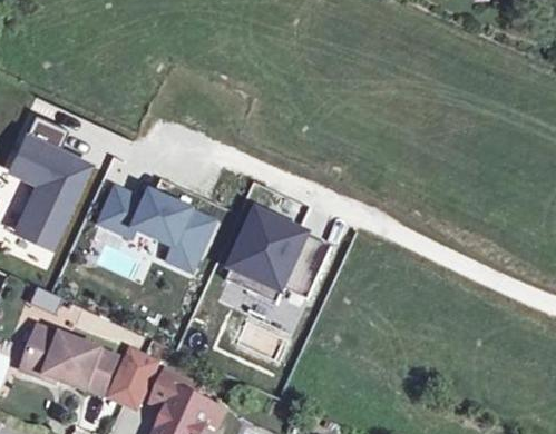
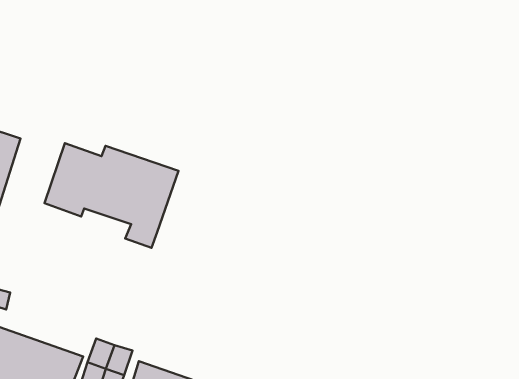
building: [226,210,332,303] -> none

